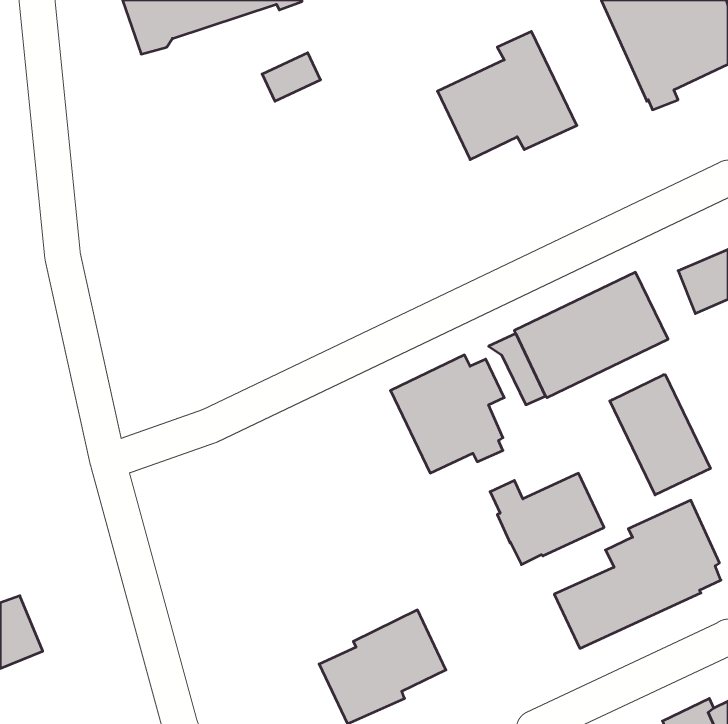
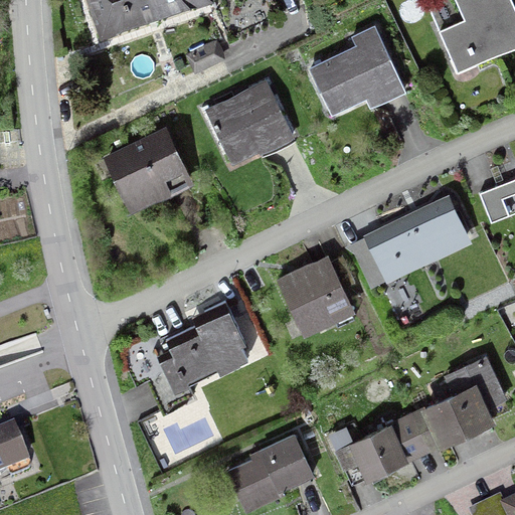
building: none -> [204,80,295,174]
building: none -> [93,127,194,214]
building: [610,375,710,495] -> none
building: none -> [147,302,249,417]
building: [490,473,604,565] -> [329,422,409,487]

